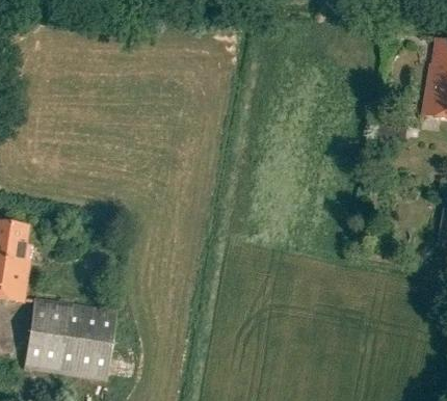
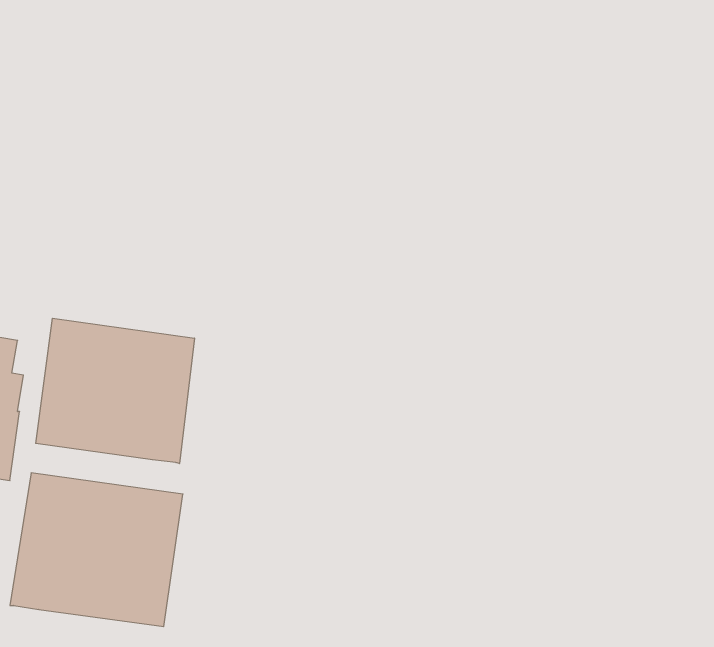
building: none -> [36,318,194,464]

